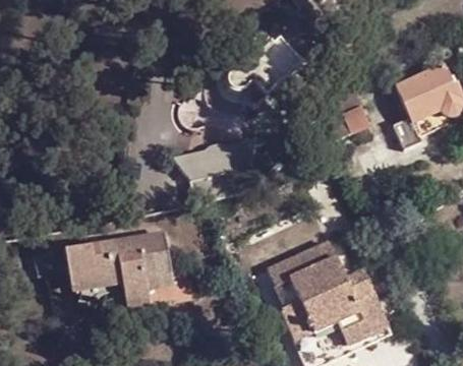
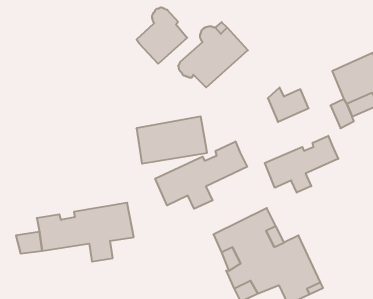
building: none -> [137,7,187,64]
building: none -> [265,136,338,193]
building: none -> [155,141,247,209]

